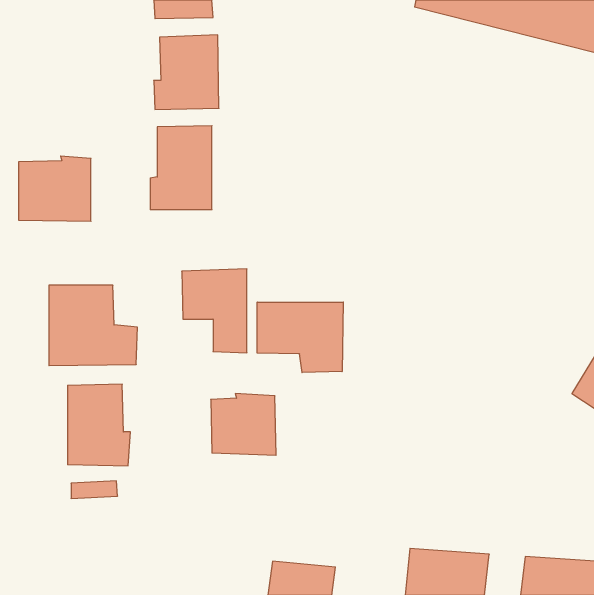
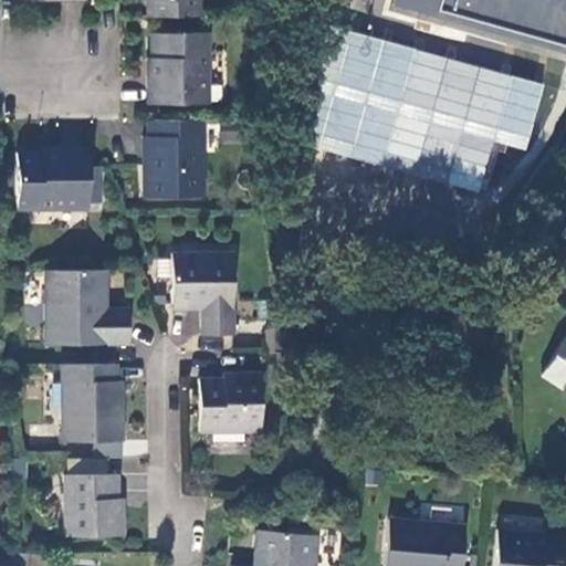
building: none -> [310,31,545,190]
building: [257,302,343,373] -> none
building: none -> [64,474,124,537]

